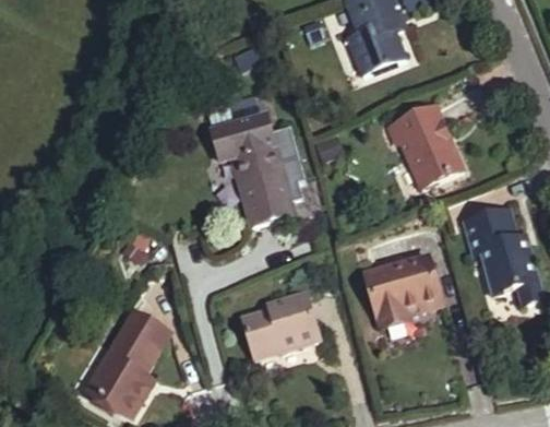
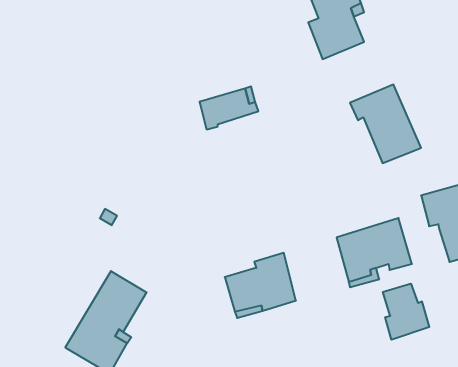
building: [242,134,306,221] -> none
building: none -> [383,284,429,340]

